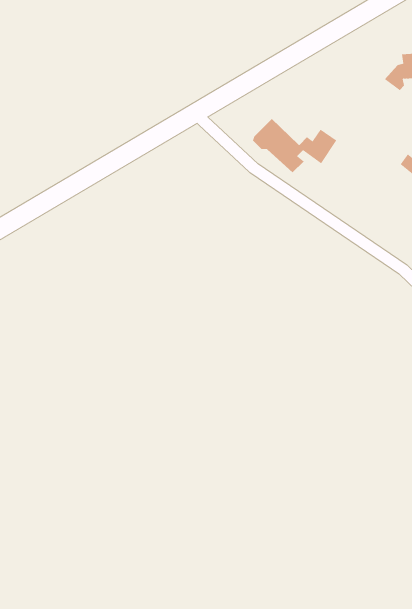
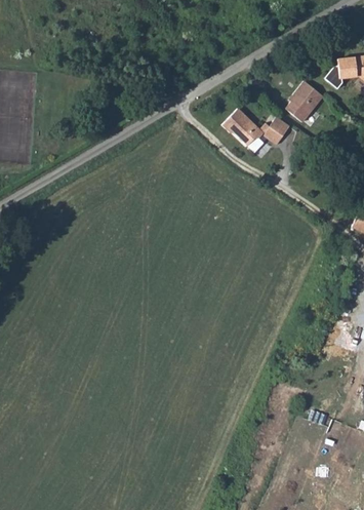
building: none -> [285,80,322,121]

